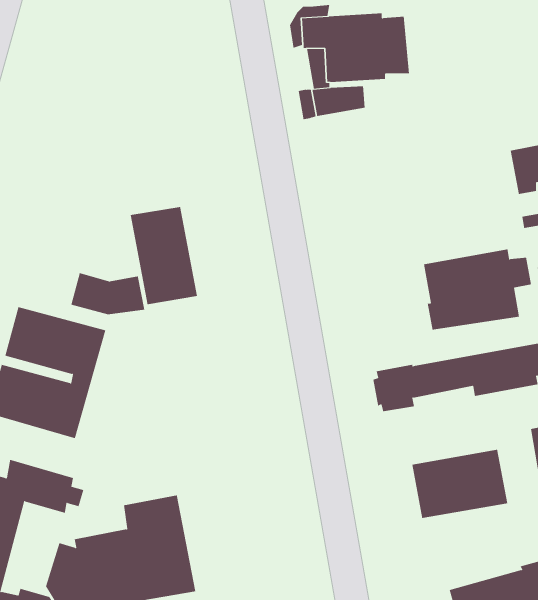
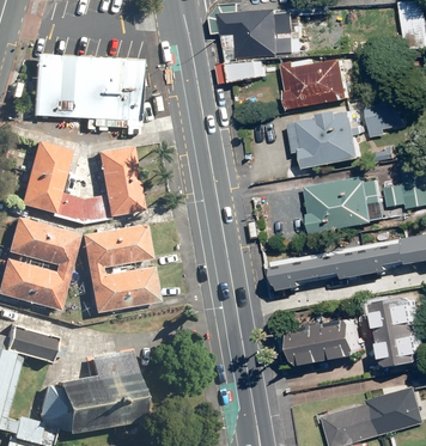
building: none -> [280,59,346,110]
building: none -> [28,62,138,120]
building: none -> [286,111,360,169]
building: none -> [19,141,71,213]
building: none -> [80,222,158,311]

